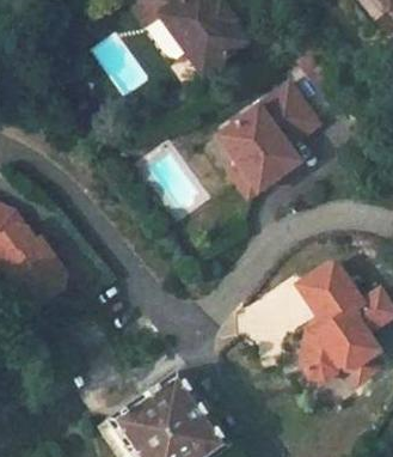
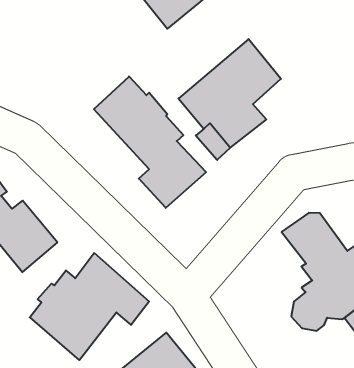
building: none -> [94,76,206,208]
building: none -> [30,253,149,360]

